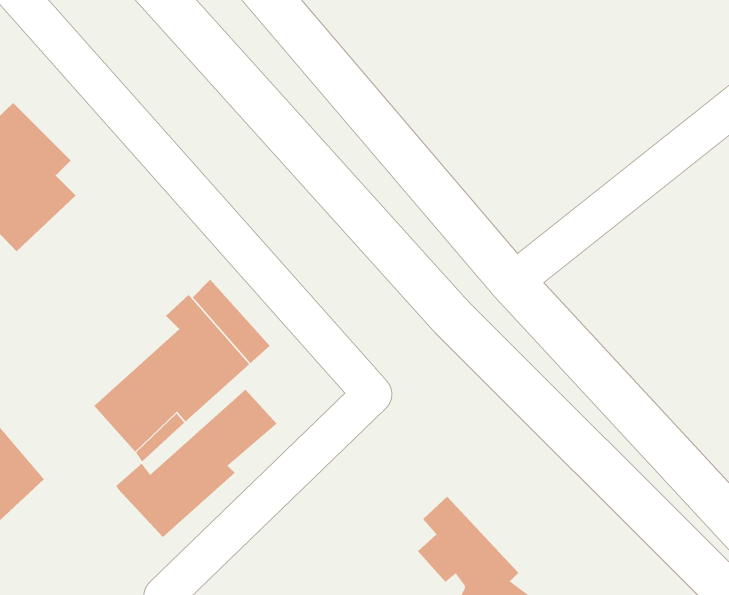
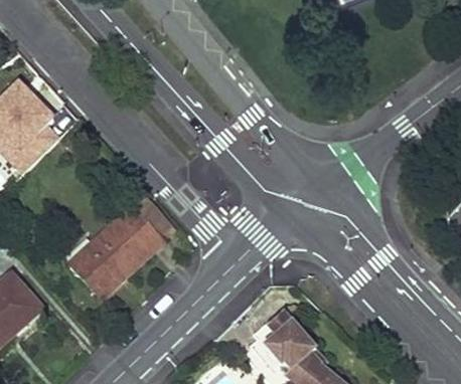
building: [115,389,277,538] -> none

